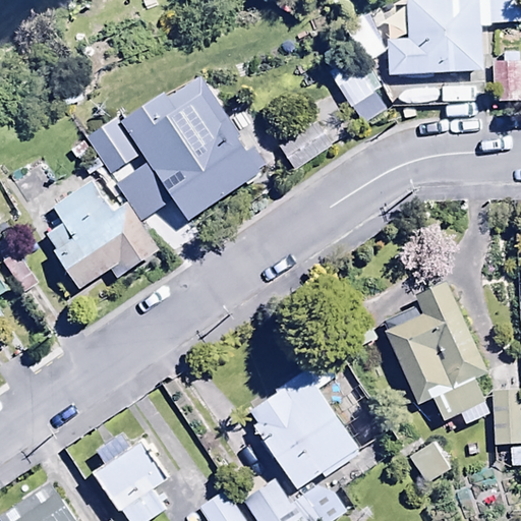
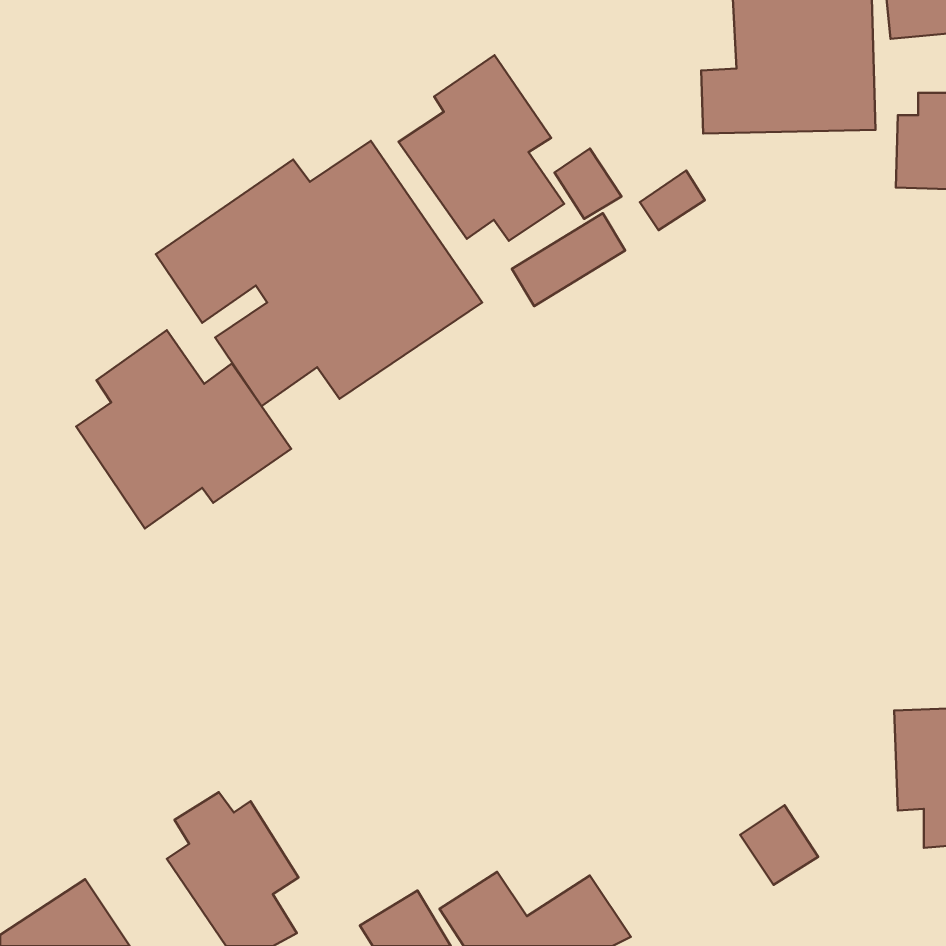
building: none -> [399,55,564,241]
building: [384,280,487,420] -> none
building: [244,358,357,489] -> none

